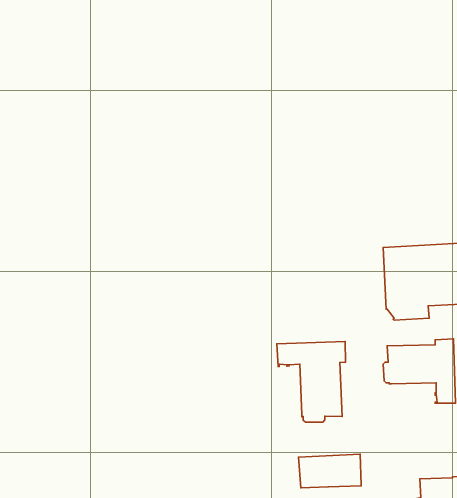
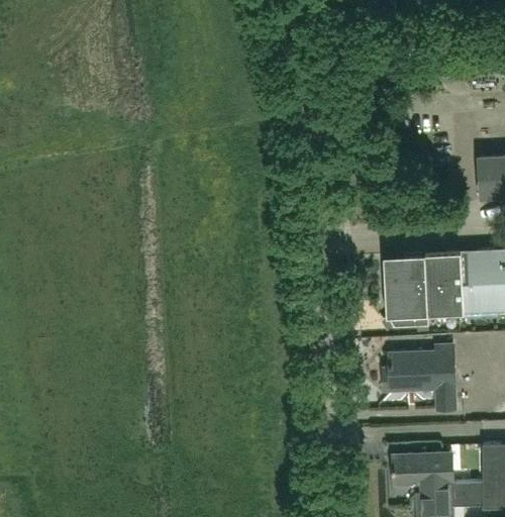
building: [277,342,345,422] -> none
building: [299,454,361,488] -> [391,452,452,486]

